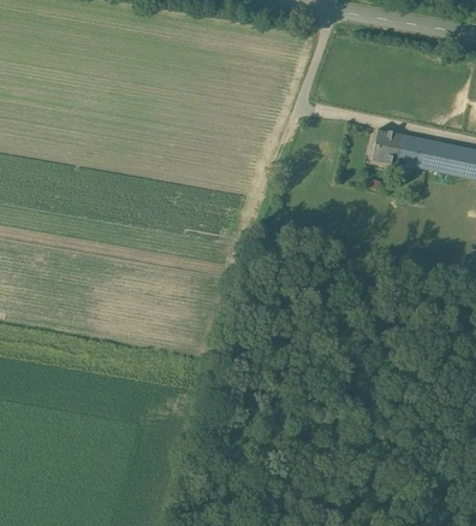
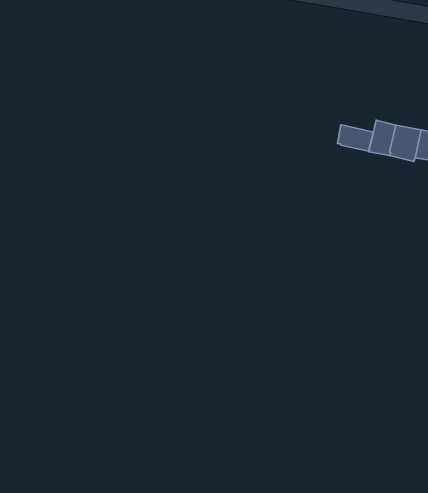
building: none -> [337,125,374,151]

